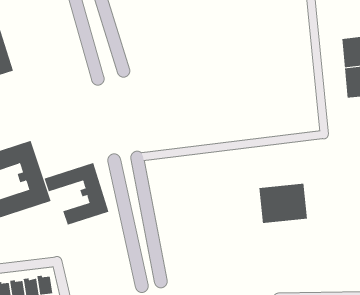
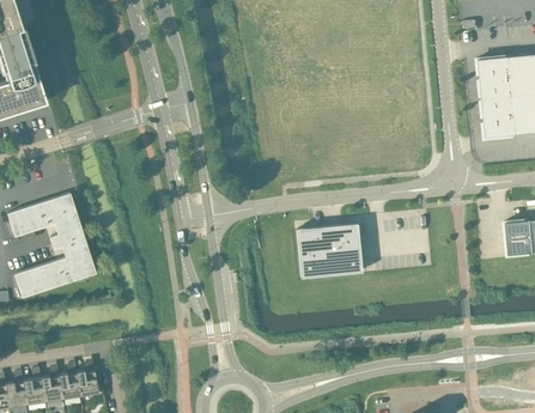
building: [44,162,109,225] -> none
building: [259,183,308,223] -> [298,224,363,277]

